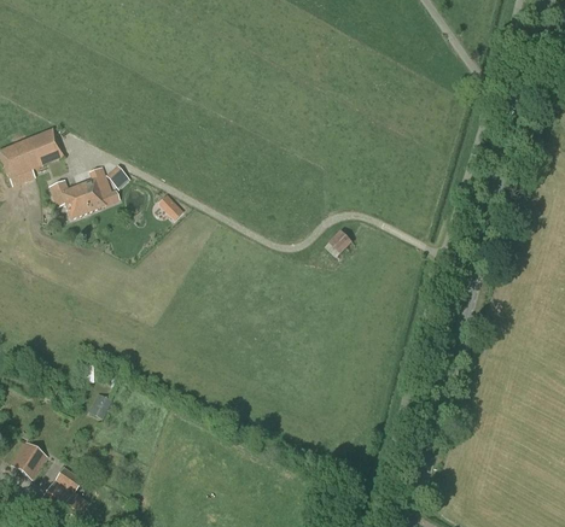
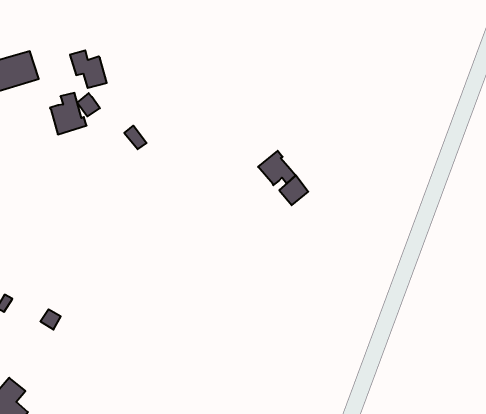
building: [48,181,89,219] -> [70,50,107,88]
building: none -> [258,151,296,185]

